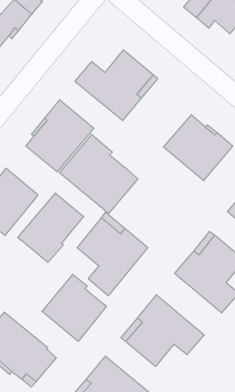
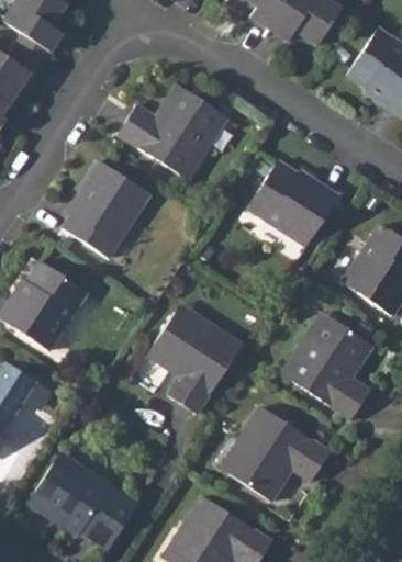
building: [60,134,138,214] -> none
building: [18,193,84,262] -> none
building: [42,274,107,341] -> none

